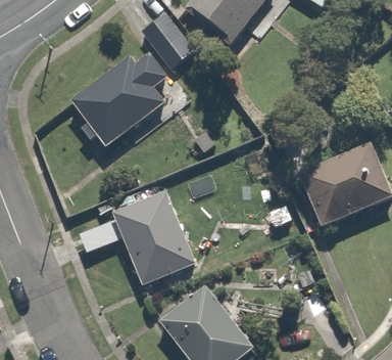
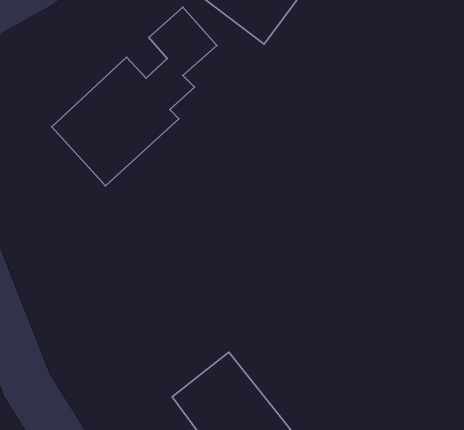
building: [299,156,370,226] -> none
building: [114,190,196,281] -> none

